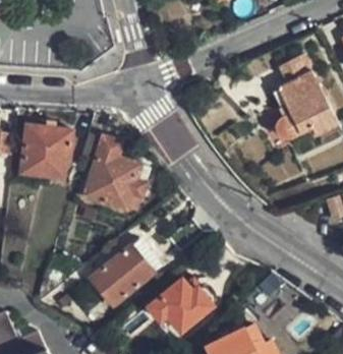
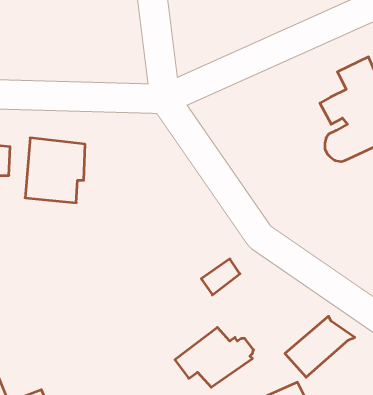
building: [85,140,149,209] -> none
building: [89,240,160,304] -> none

